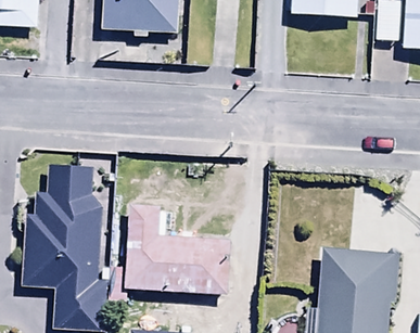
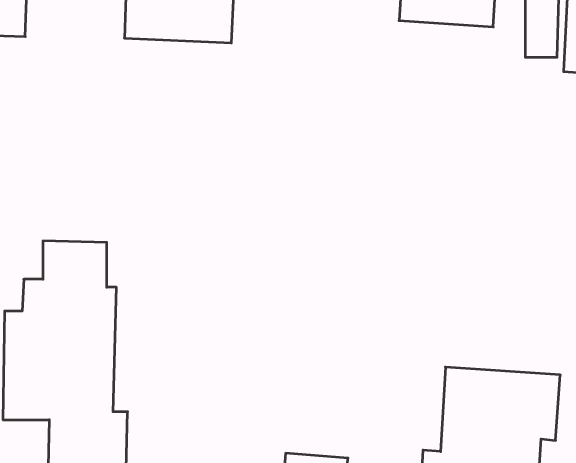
building: [125,202,231,294] -> none

